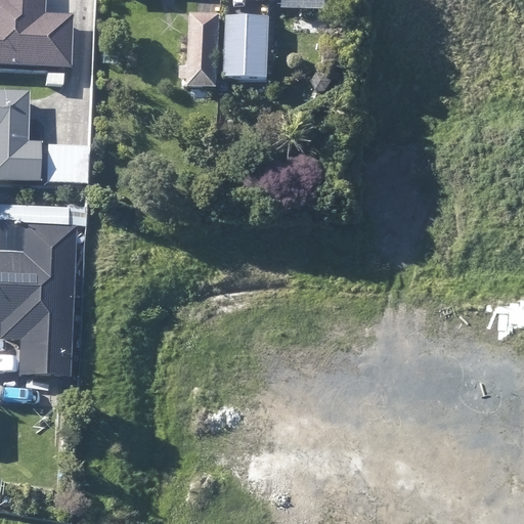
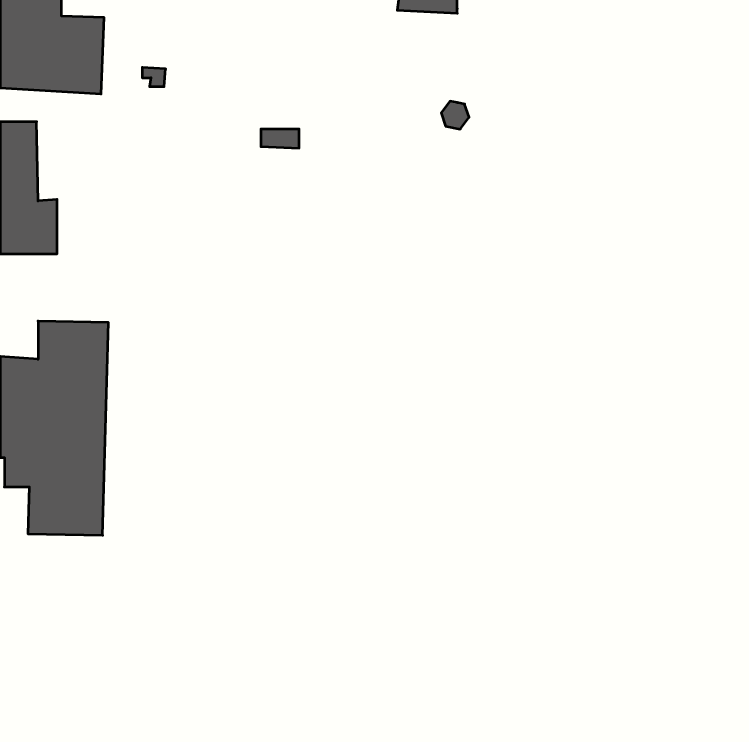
building: [175,12,215,87] -> none
building: [216,13,264,88] -> none

